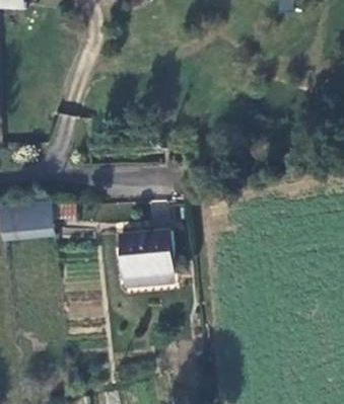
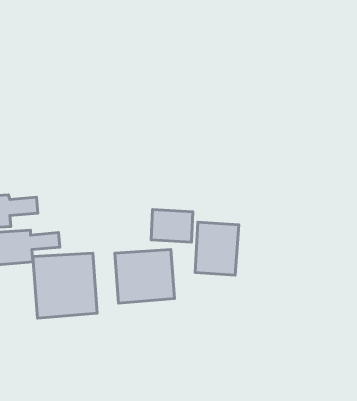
building: none -> [195,222,239,275]
building: none -> [33,253,97,318]

